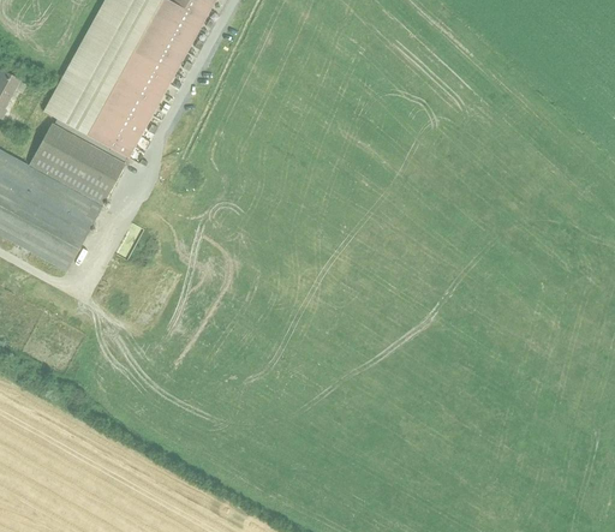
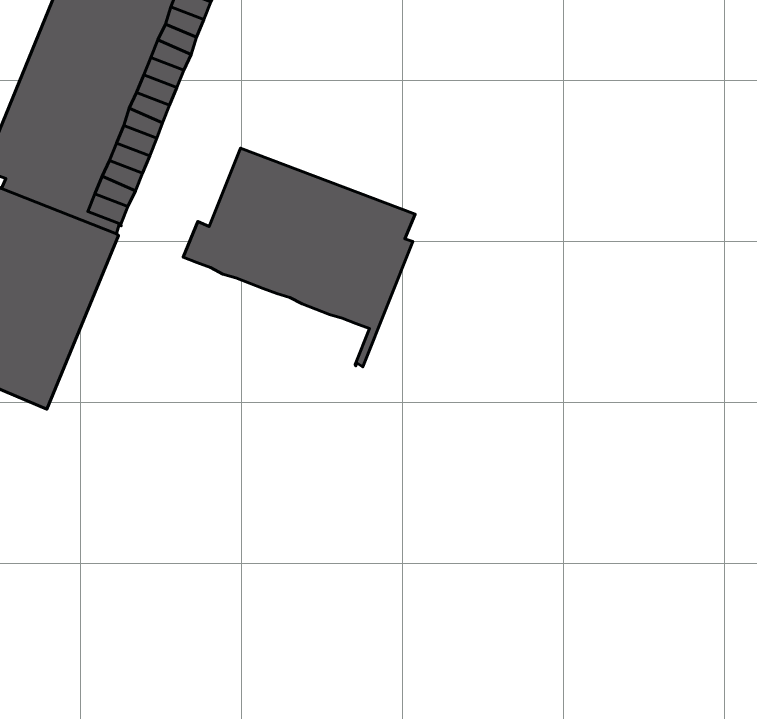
building: none -> [183,148,415,367]

